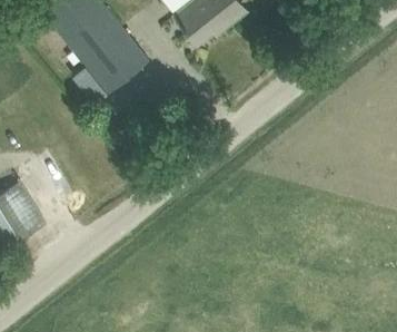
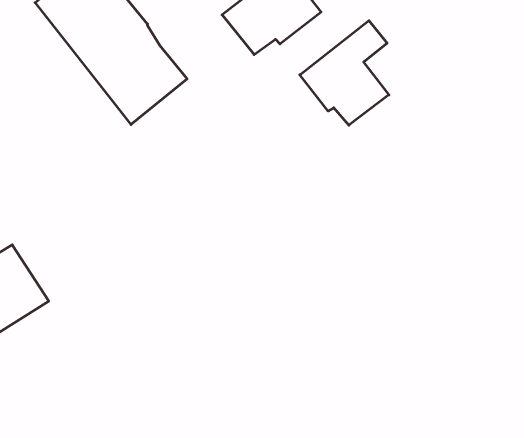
building: none -> [300,21,389,125]

